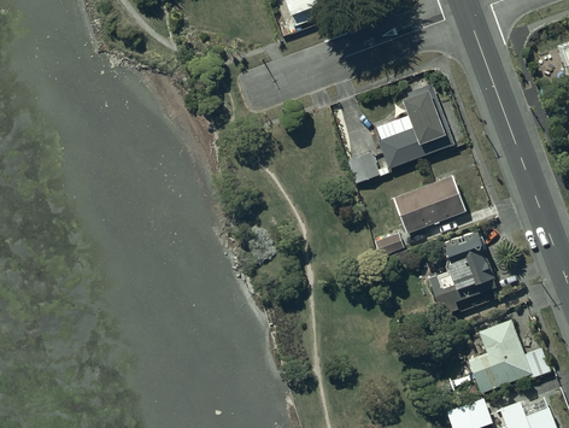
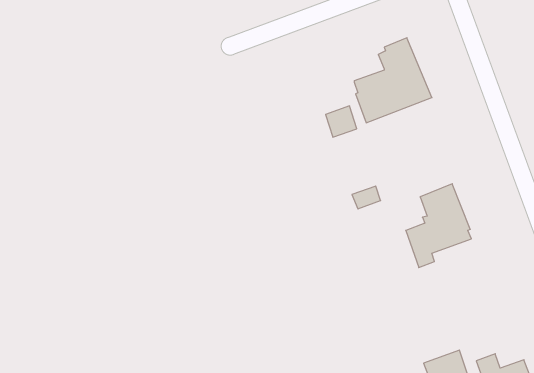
building: [393,175,467,233] -> none
building: [467,319,551,392] -> none

